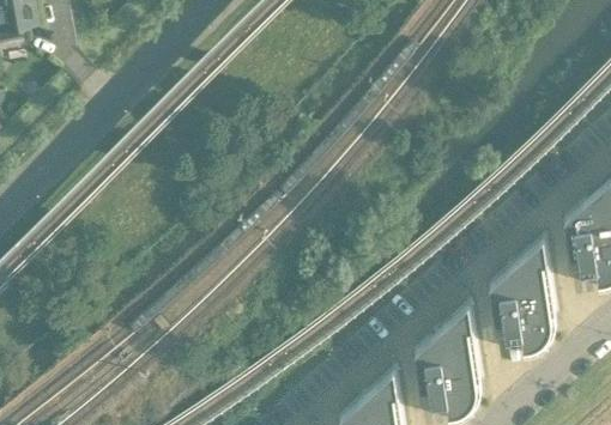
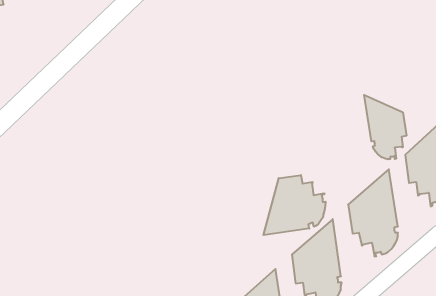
building: none -> [364,95,406,159]
building: none -> [263,175,326,235]

